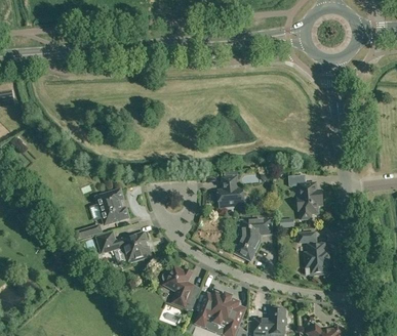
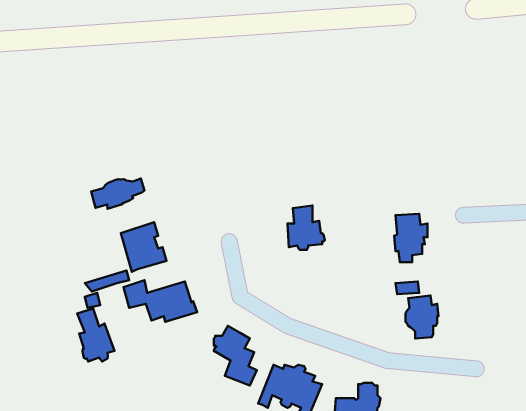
building: none -> [91,178,145,209]
building: [235,217,272,259] -> none
building: none -> [77,309,115,362]

